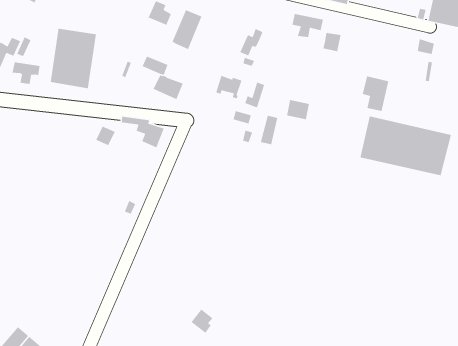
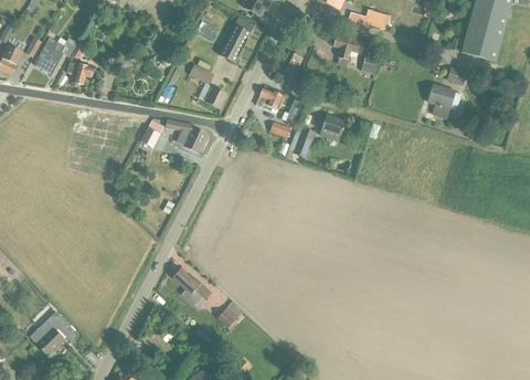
building: [50,28,97,89] -> none
building: [362,76,389,112] -> [427,83,454,118]
building: [359,115,452,176] -> none
building: none -> [171,267,211,308]

